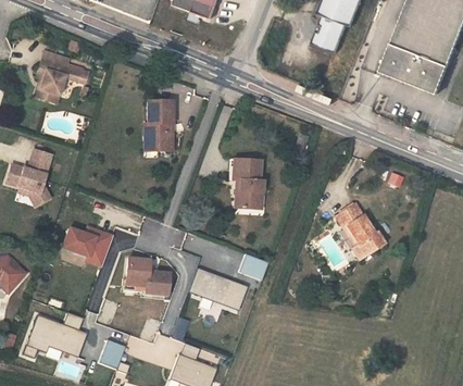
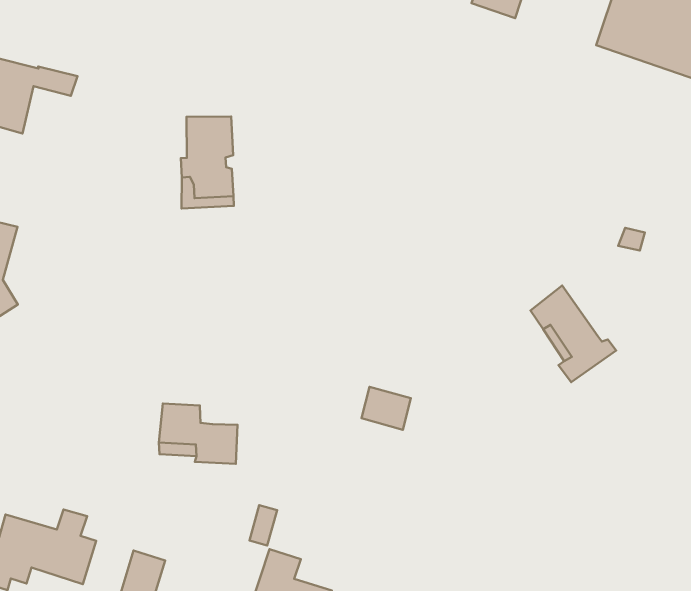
building: [230,159,261,209] -> none
building: [59,226,112,269] -> none
building: [188,267,247,311] -> none

